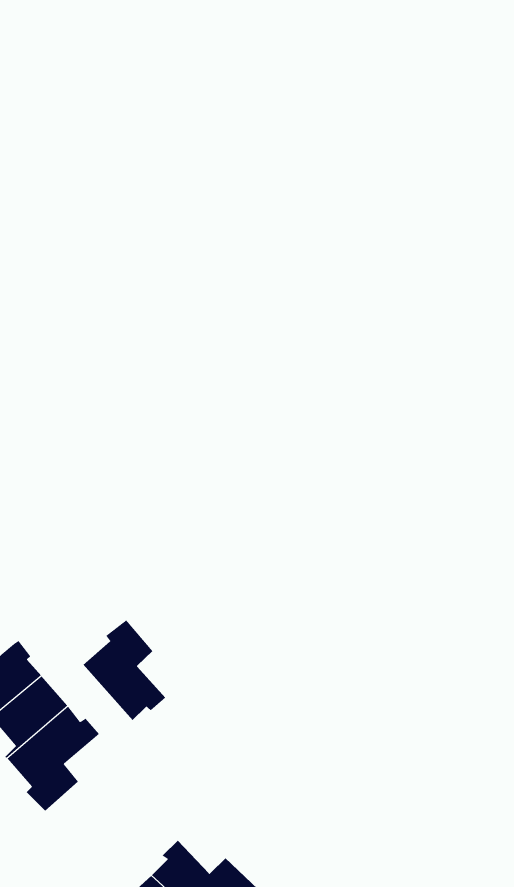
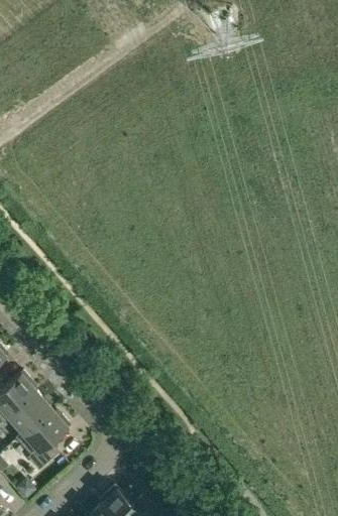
building: [82,619,166,721] -> none

